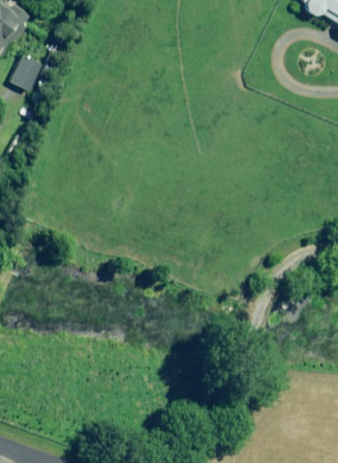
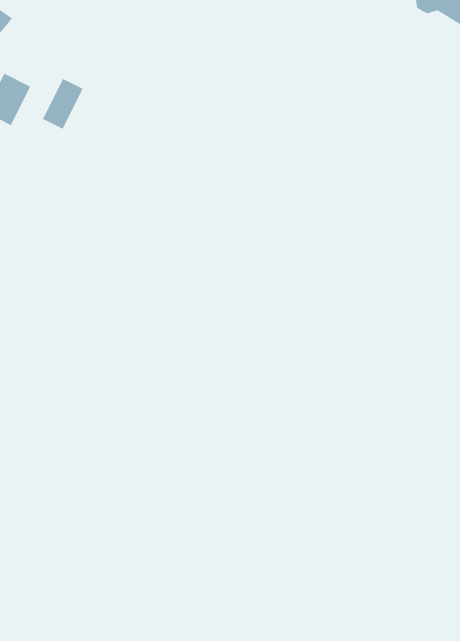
building: none -> [42,78,83,130]

